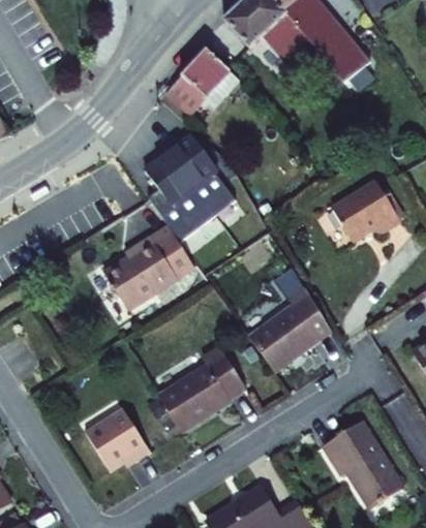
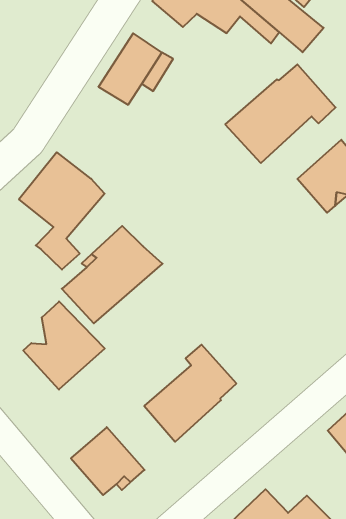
building: none -> [225,64,336,163]
building: [149,141,229,249] -> [19,152,105,270]
building: [248,284,334,371] -> none
building: none -> [23,301,105,390]

